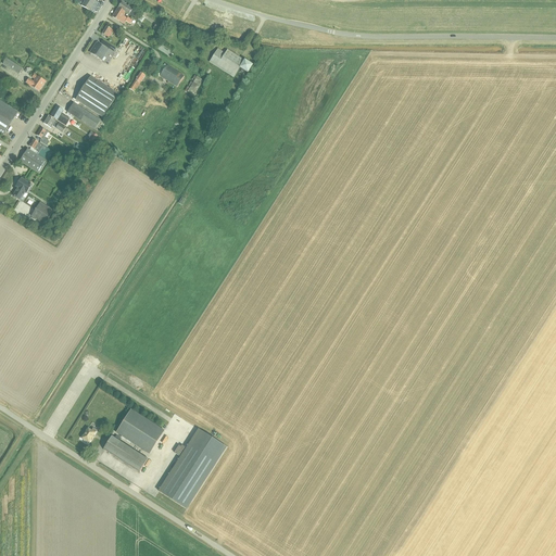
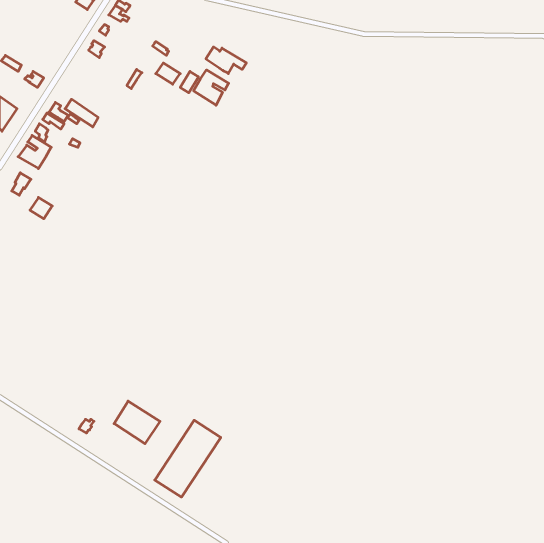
building: none -> [194,70,229,105]
building: [75,75,117,116] -> none
building: [103,434,147,470] -> none

